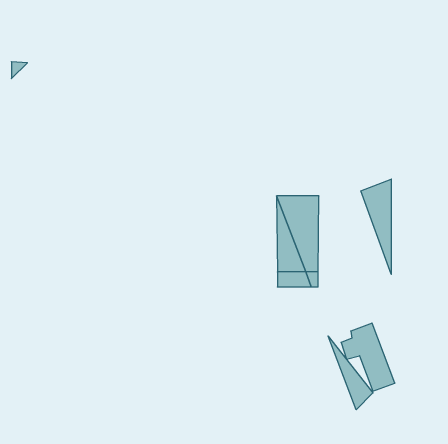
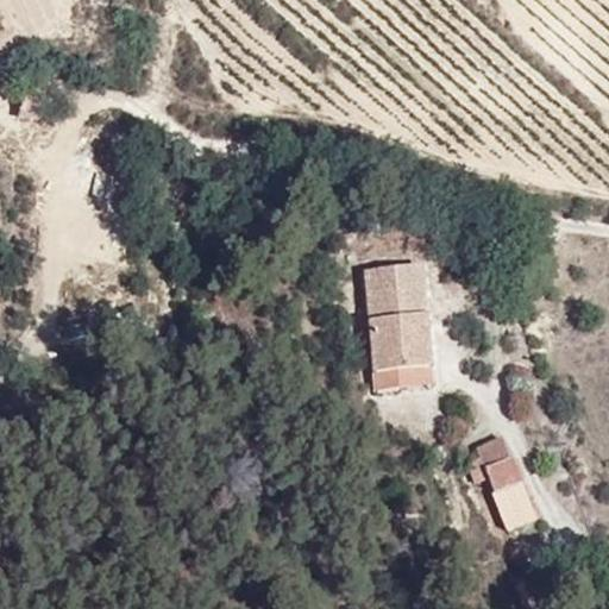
building: [361,179,391,274] -> none
building: [328,336,373,410] -> none

